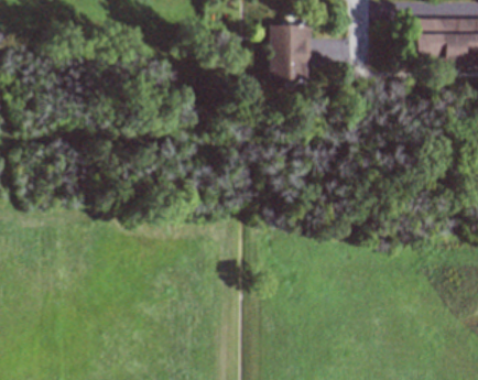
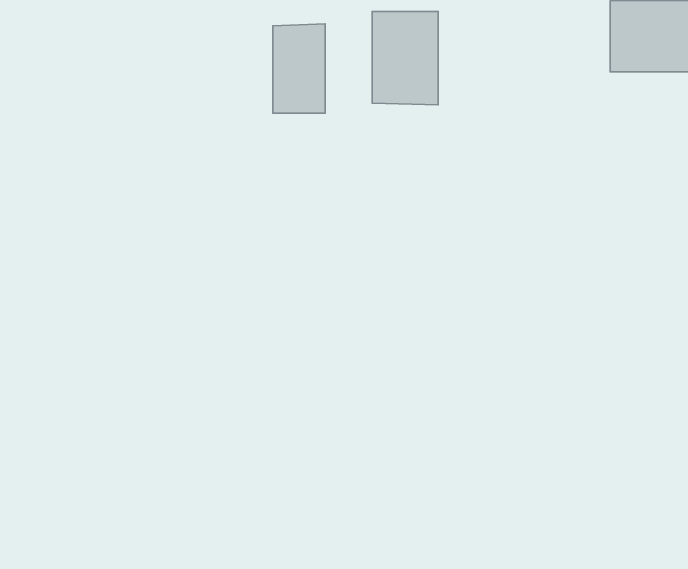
building: none -> [273,24,325,113]

